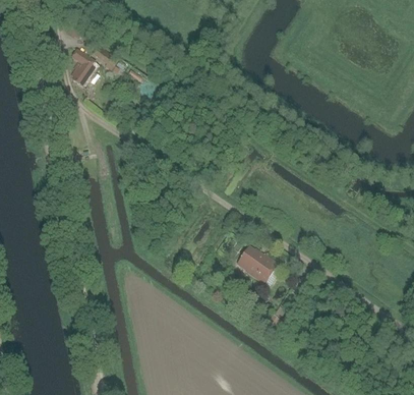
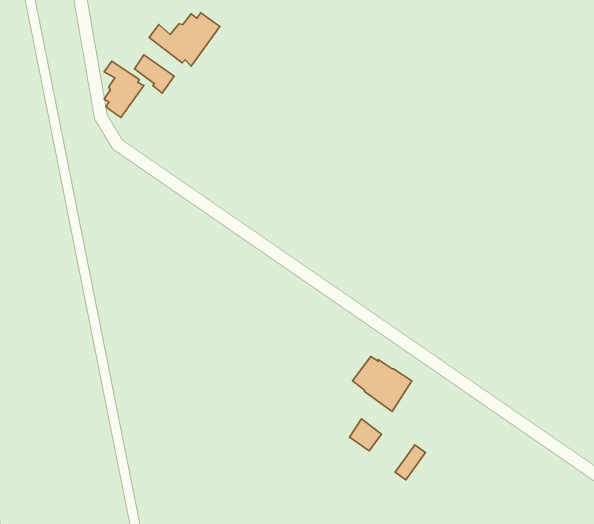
building: none -> [149,13,220,66]

